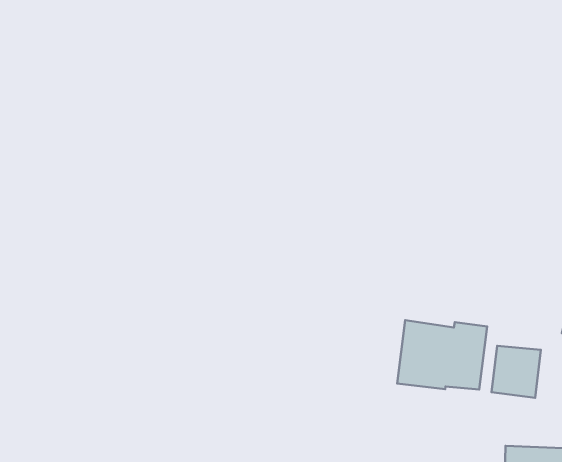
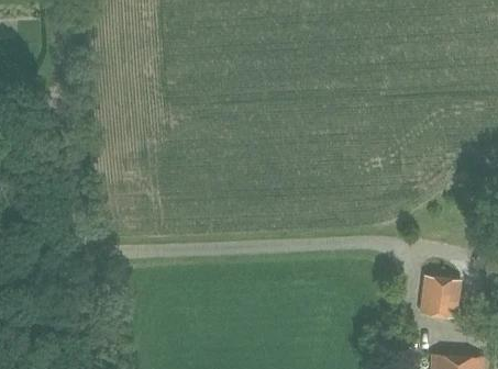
building: [397,320,487,390] -> none

